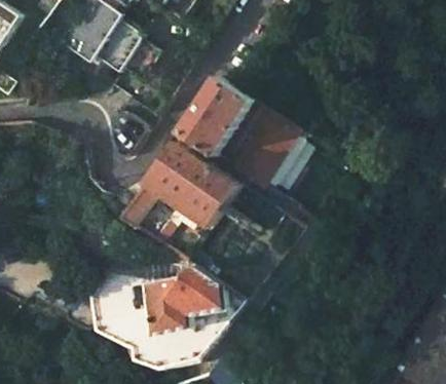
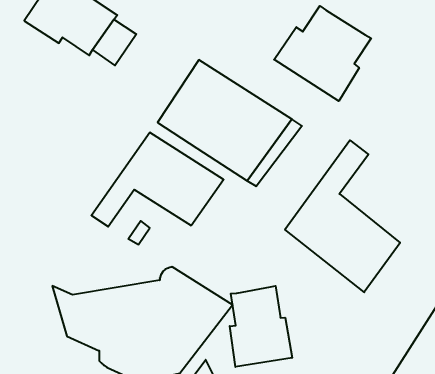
building: none -> [274,6,371,101]
building: none -> [285,140,400,292]
building: none -> [230,286,292,367]

